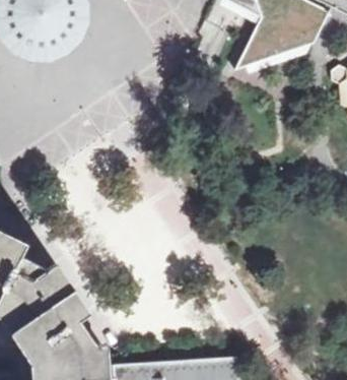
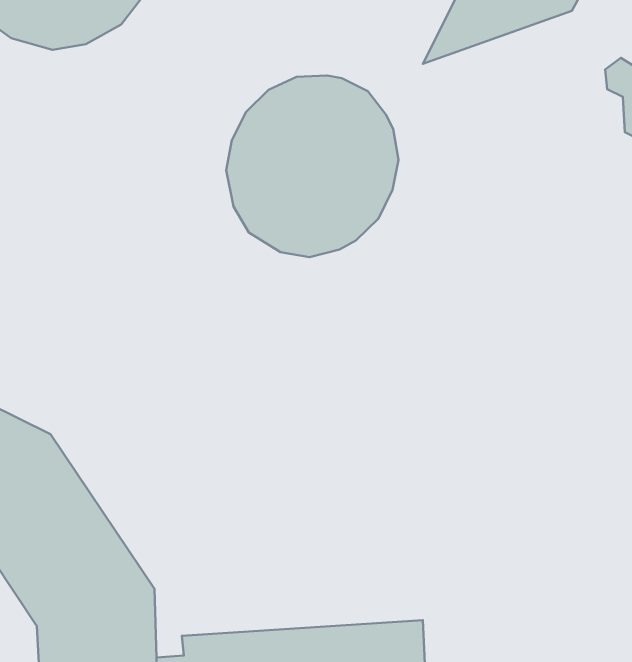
building: none -> [226,75,398,257]

